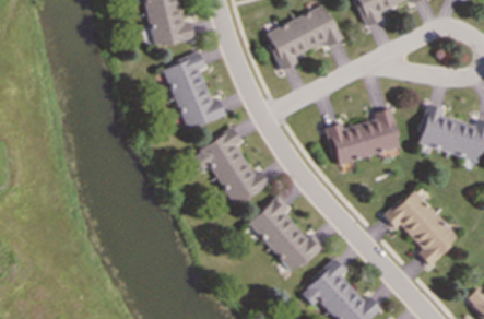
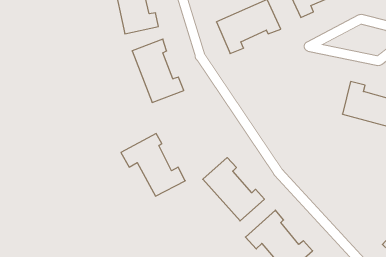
building: [324,107,401,164] -> none
building: [191,129,269,204] -> [121,134,185,196]
building: [382,189,459,264] -> none

